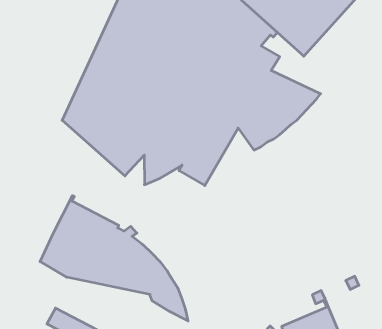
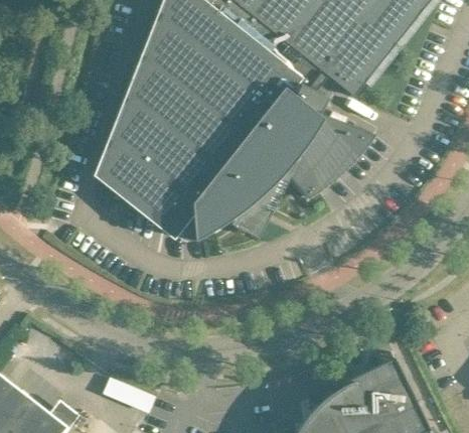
building: [40,196,188,321] -> none

